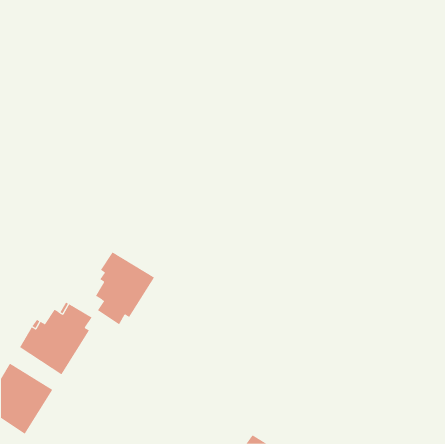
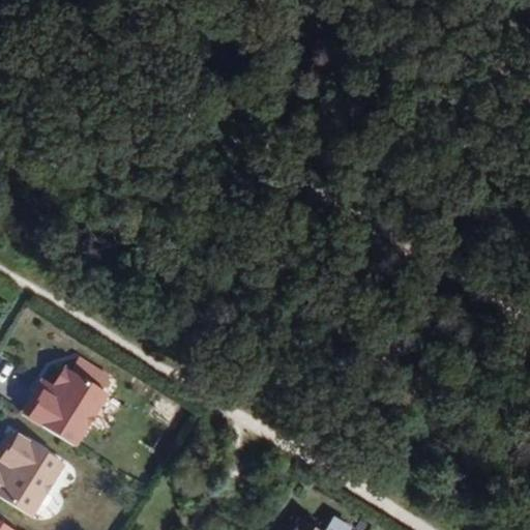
building: [95,252,155,325] -> none

